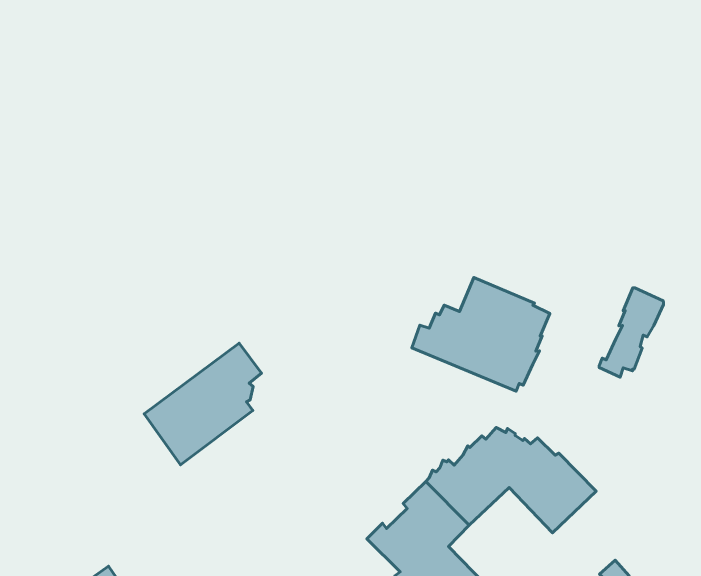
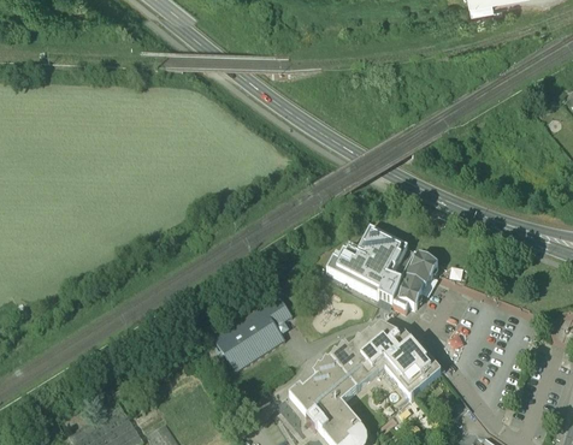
building: [599,288,663,377] -> [391,259,436,316]
building: [144,343,261,465] -> [212,299,290,376]

